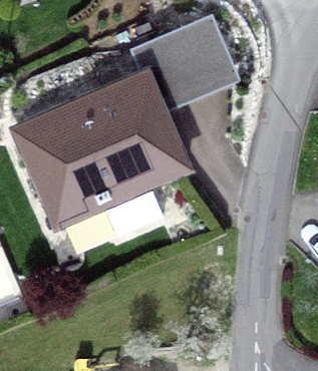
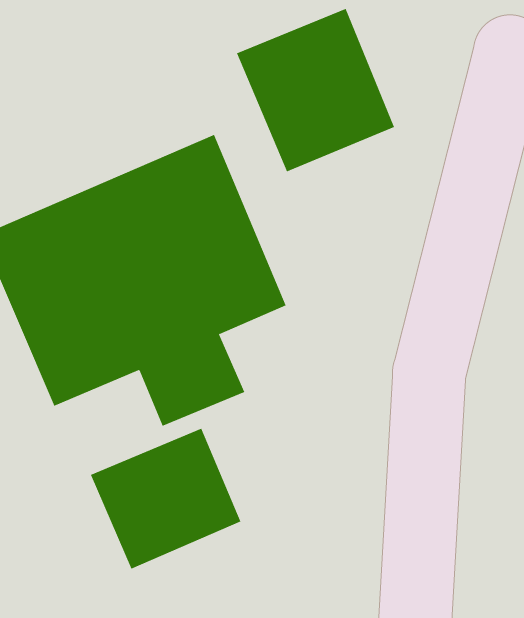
building: none -> [90,428,241,570]

